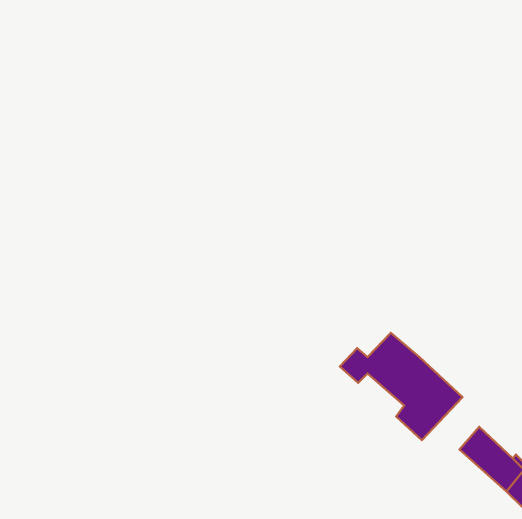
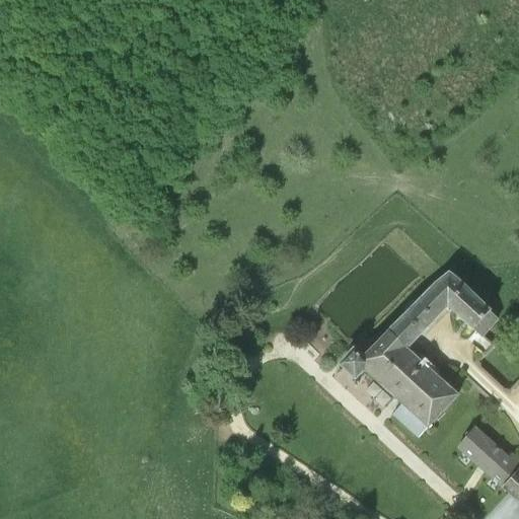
building: none -> [388,267,499,354]

